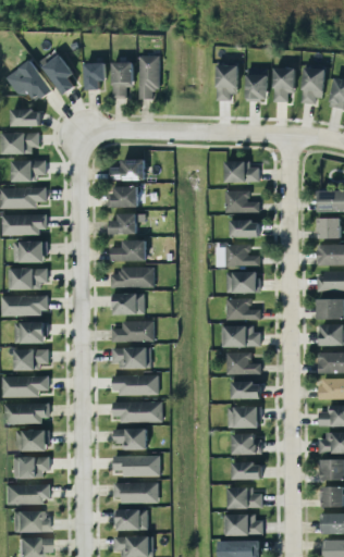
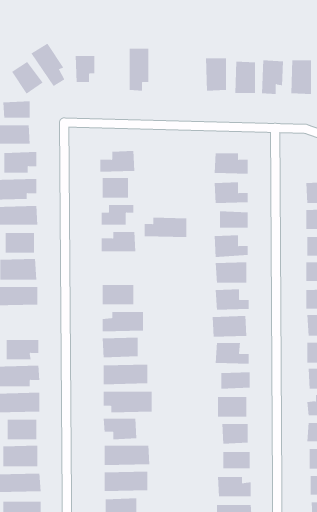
building: [111,62,133,97] -> none
building: [110,267,153,287] -> [144,217,187,238]
building: [14,322,45,344] -> none

